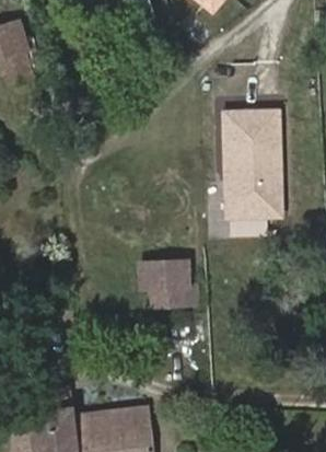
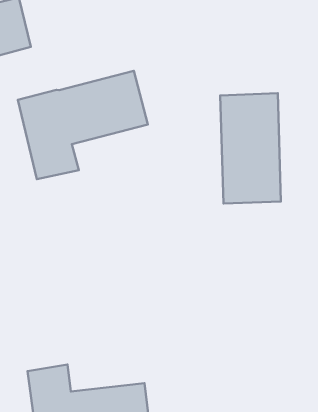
building: none -> [18,71,148,179]
building: [135,256,202,306] -> none

